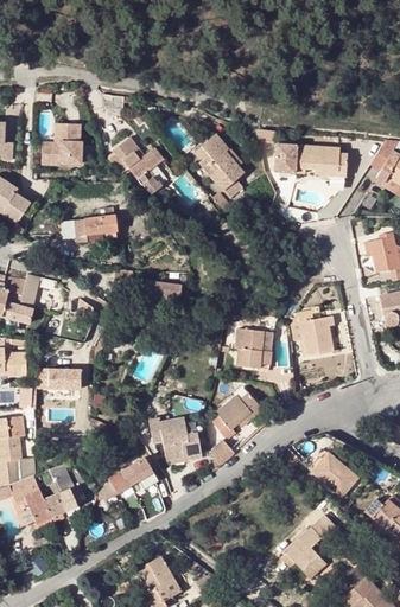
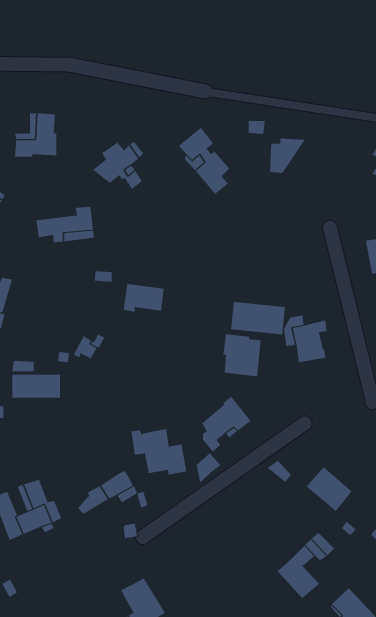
building: [297,147,348,178] -> none
building: none -> [231,301,285,335]

